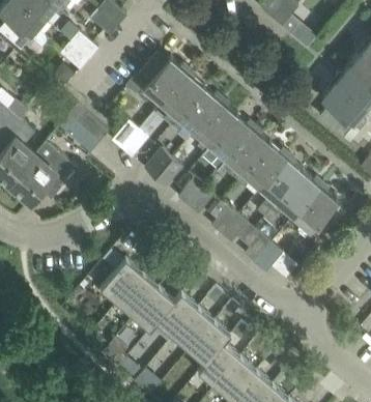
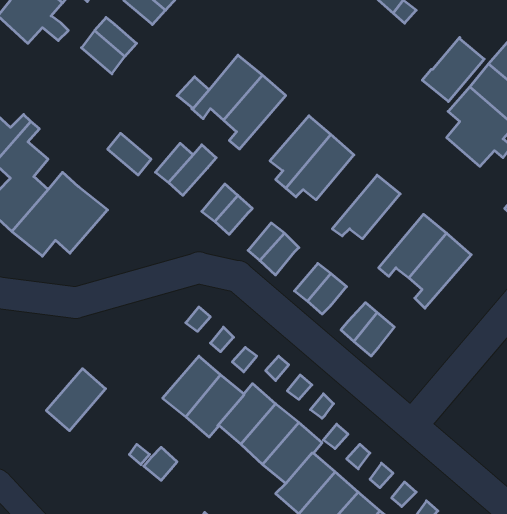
building: none -> [422,37,484,102]
building: [172,86,222,133] -> none
building: [227,128,270,181] -> none
building: [258,156,304,217] -> none
building: [101,258,143,303] -> [46,369,106,431]

